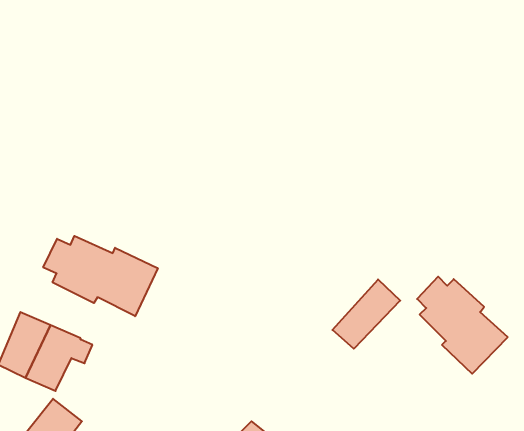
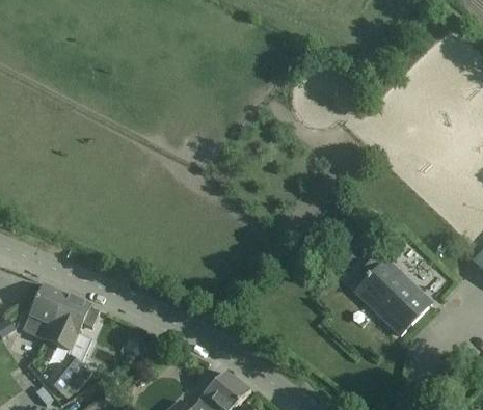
building: [43,236,158,316] -> none
building: [332,279,400,349] -> none

